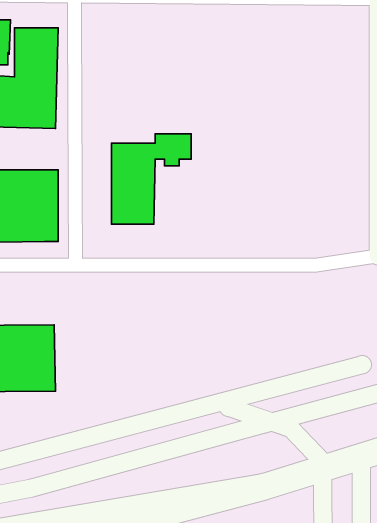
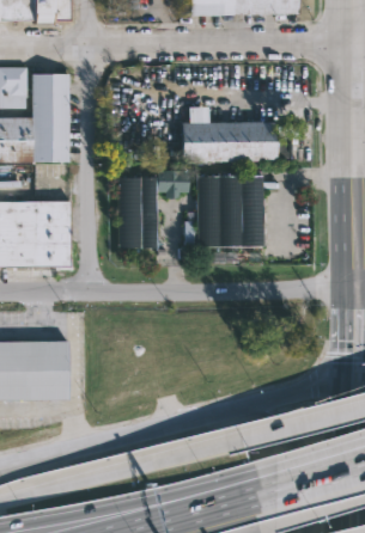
building: none -> [182,112,293,160]
building: none -> [196,172,263,246]

